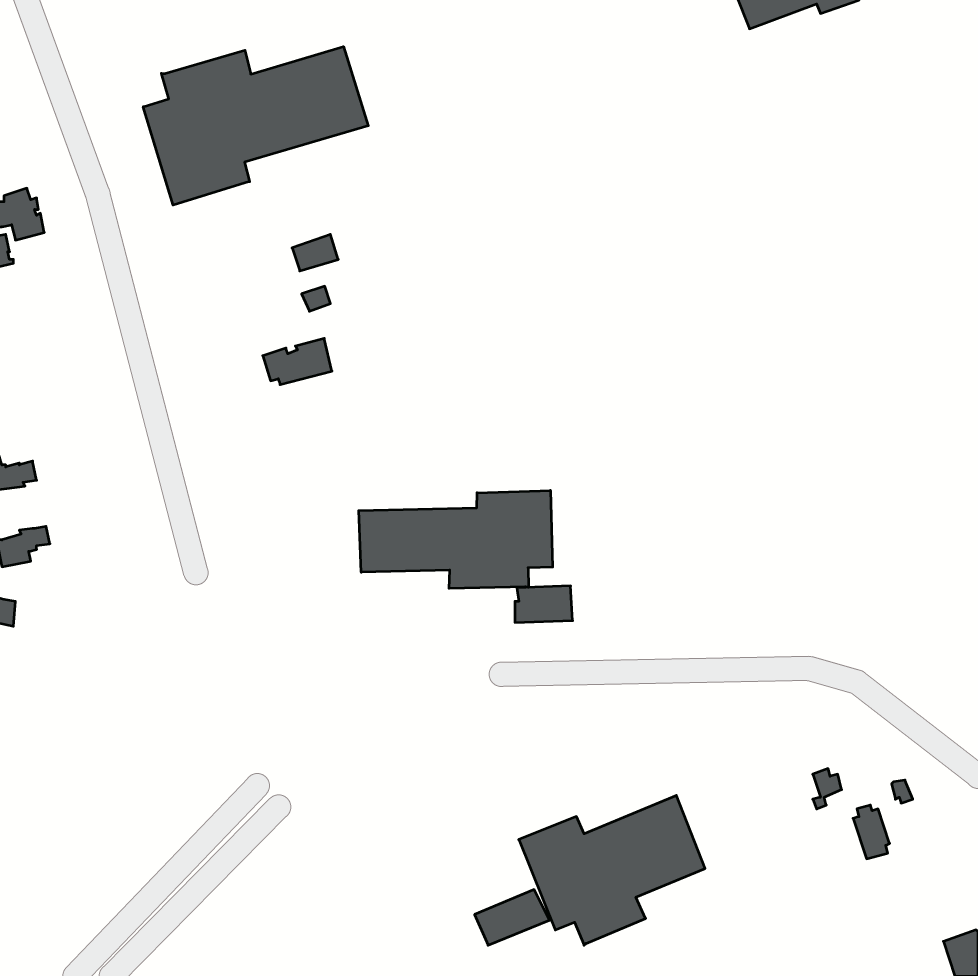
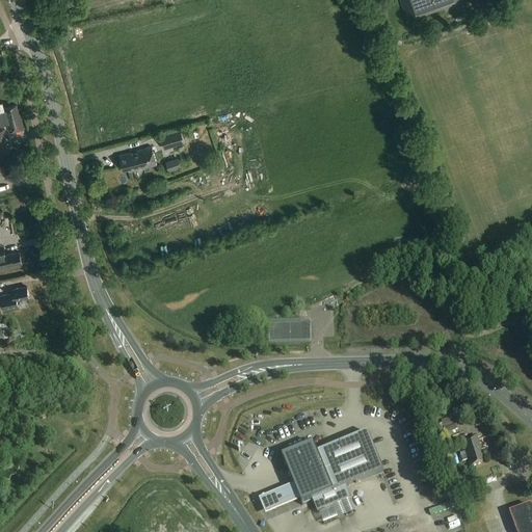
building: [143,47,368,205] -> none
building: [263,338,332,385] -> [117,143,155,168]
building: [359,490,553,588] -> none

